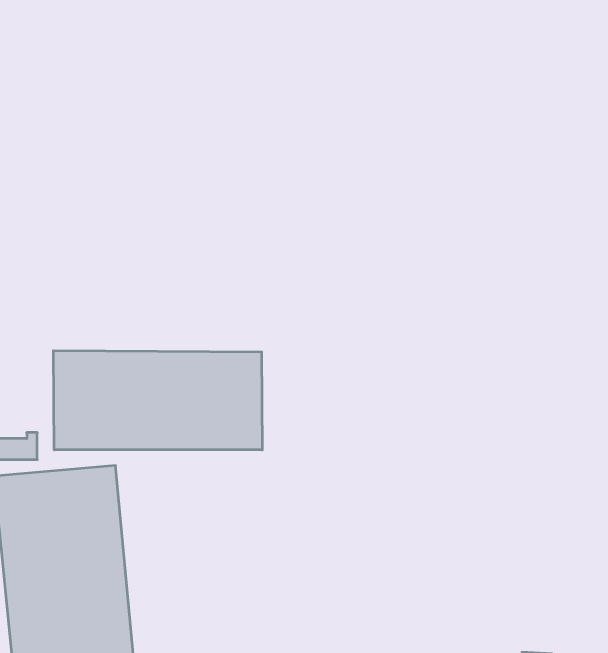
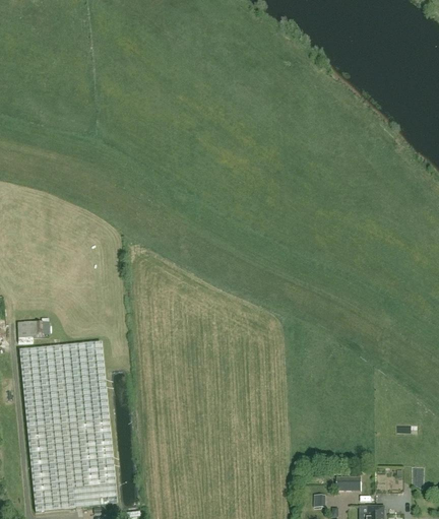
building: [53,351,262,450] -> none

